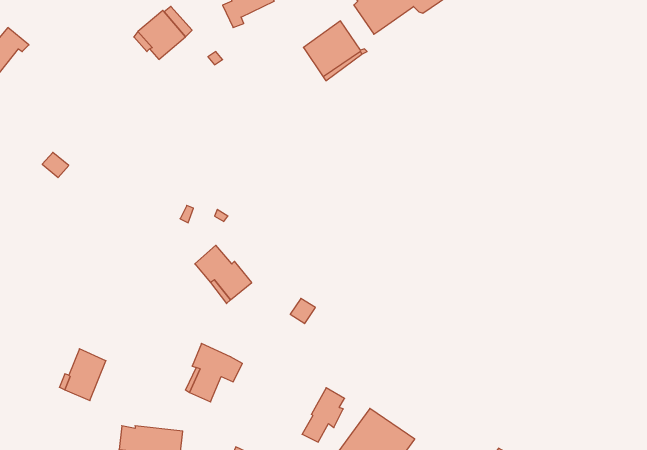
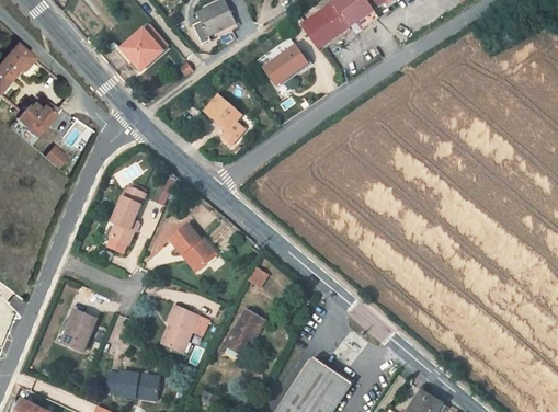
building: none -> [205,95,243,144]
building: none -> [15,102,55,135]
building: none -> [107,186,145,252]
building: [302,388,345,442] -> [226,307,261,352]

